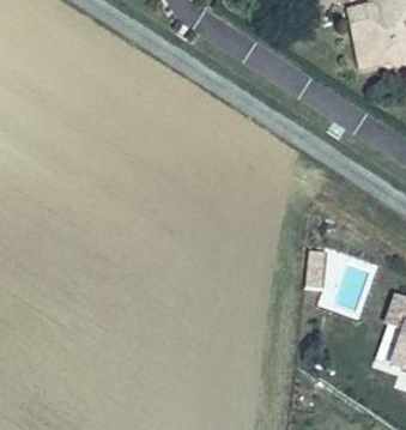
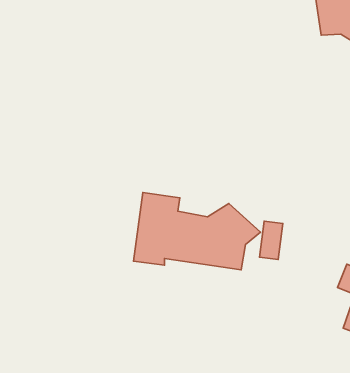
building: none -> [133,193,260,270]

